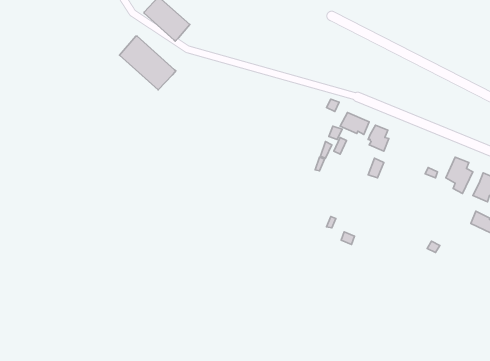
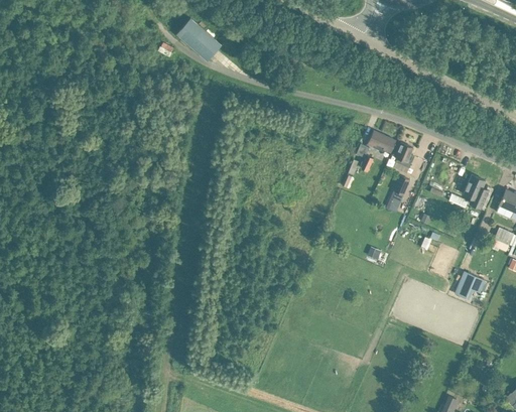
building: [119,36,176,90] -> none
building: none -> [455,272,484,298]

